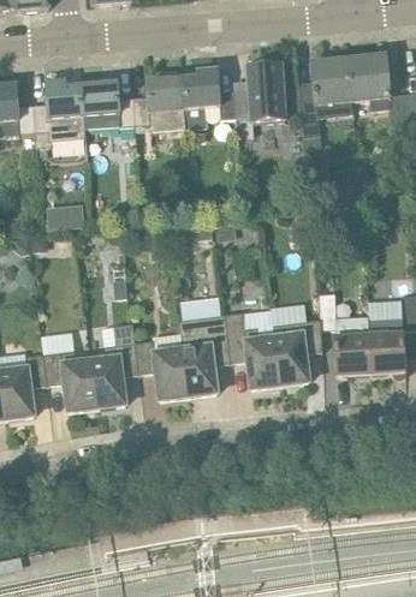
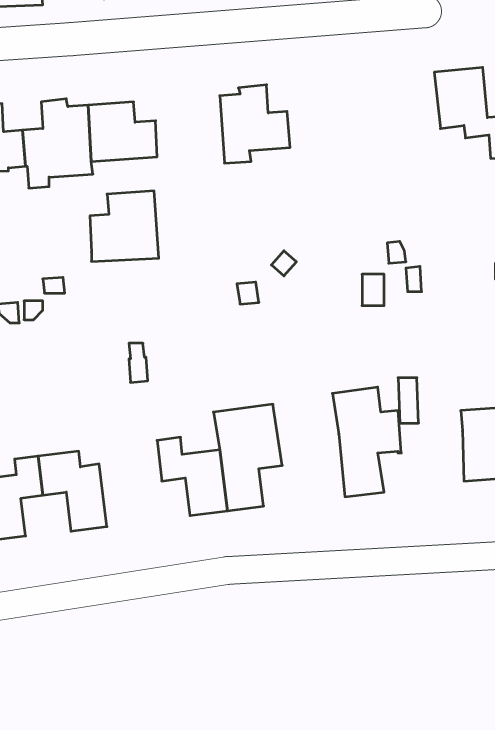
building: [298,58,353,132] -> none
building: [234,64,285,133] -> none
building: [133,76,186,130] -> [90,191,159,261]
building: [224,310,279,387] -> none
building: [90,321,138,406] -> none
building: [335,333,370,372] -> none

